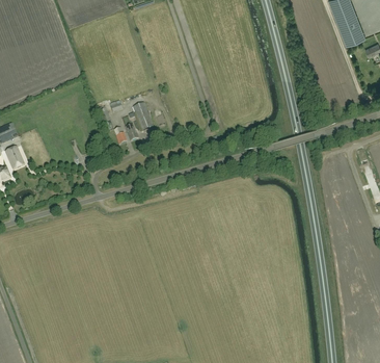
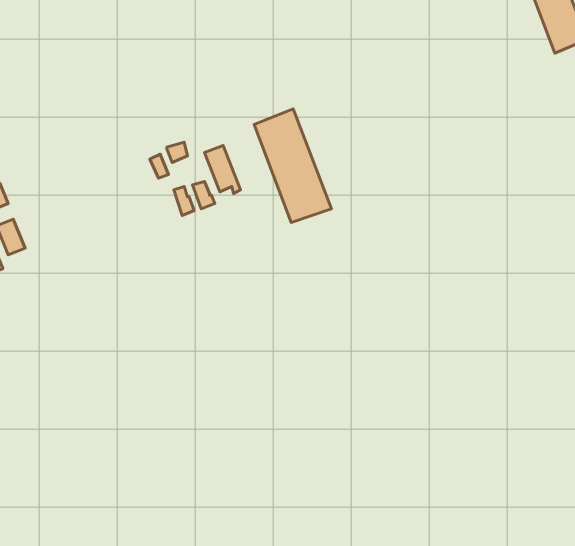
building: none -> [254,109,332,222]

